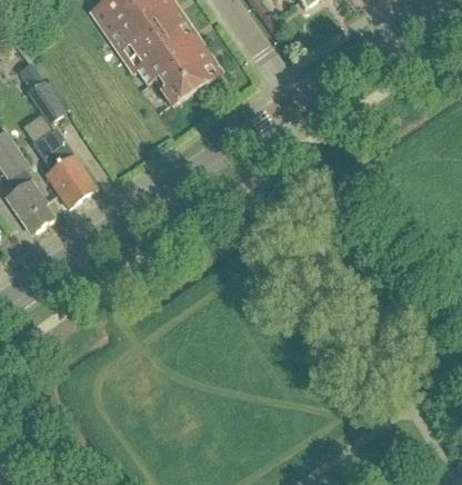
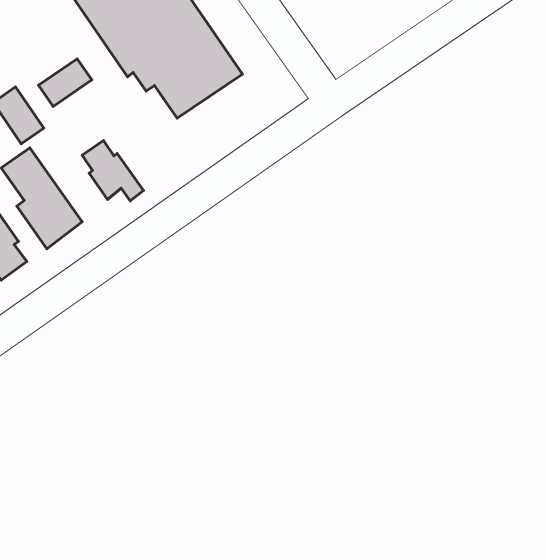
building: none -> [39,59,92,107]
building: none -> [82,140,144,201]

